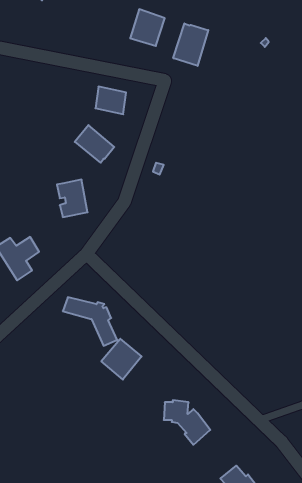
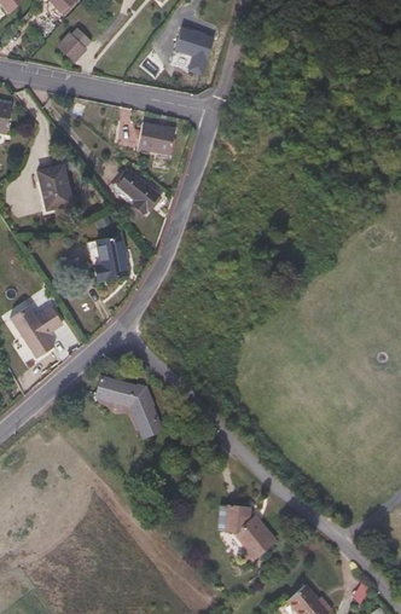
building: none -> [64,28,94,63]
building: [173,23,208,66] -> none
building: none -> [35,164,69,209]
building: [101,339,142,380] -> none

